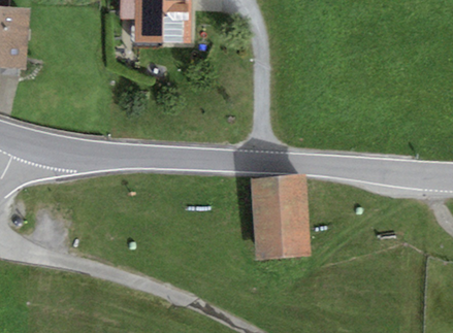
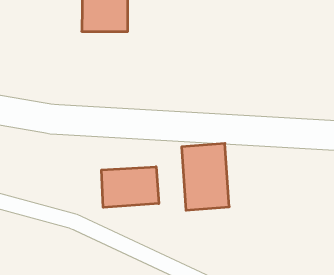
building: none -> [102,167,159,207]

